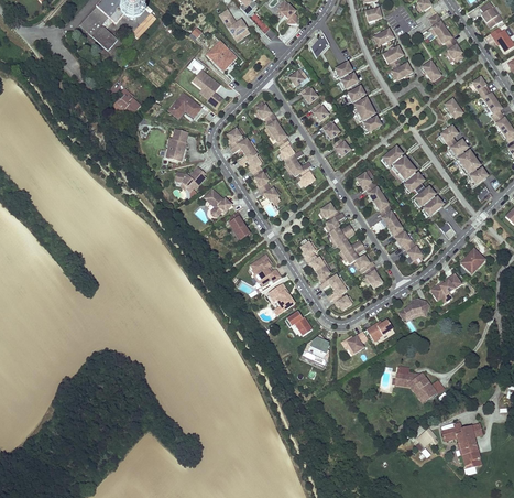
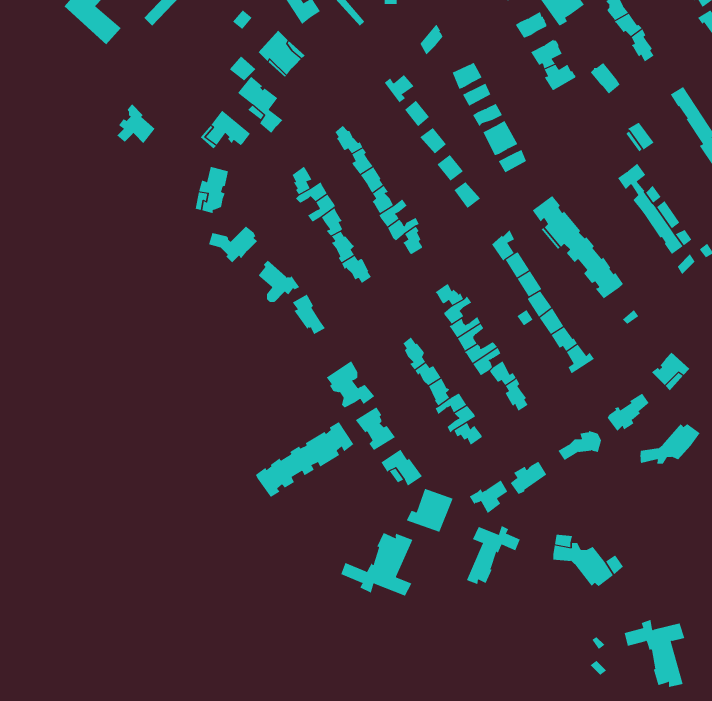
building: none -> [255,421,354,498]
building: none -> [640,423,701,464]
building: none -> [466,525,520,585]
building: none -> [340,532,413,597]

